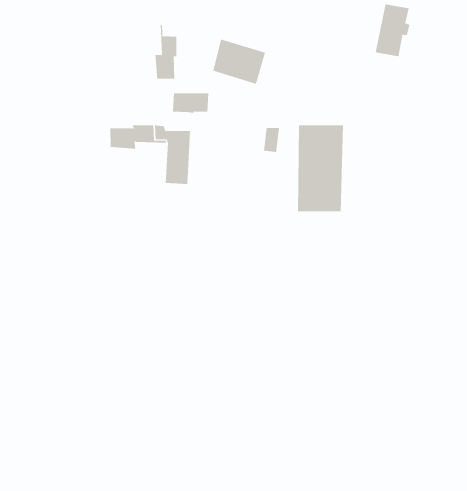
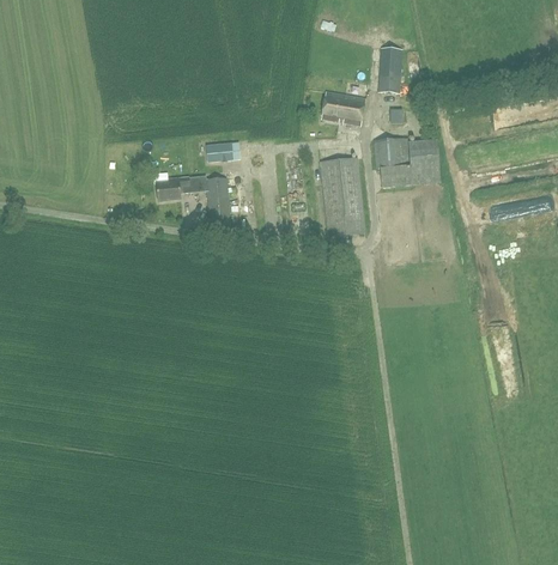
building: [155,24,177,80] -> none
building: [212,39,266,85] -> [321,90,365,126]
building: none -> [372,136,439,186]

